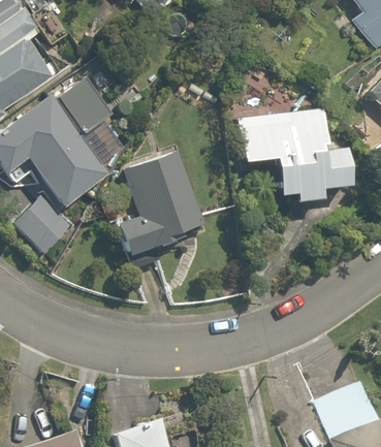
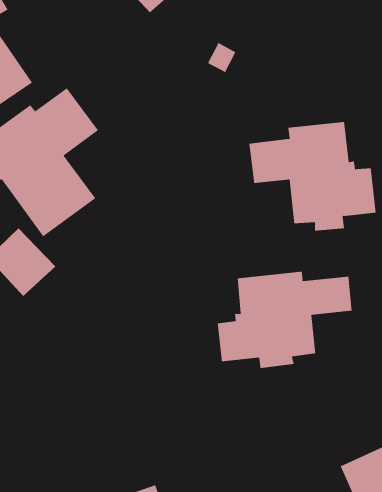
building: [119,150,205,268] -> none
building: none -> [217,271,352,369]

